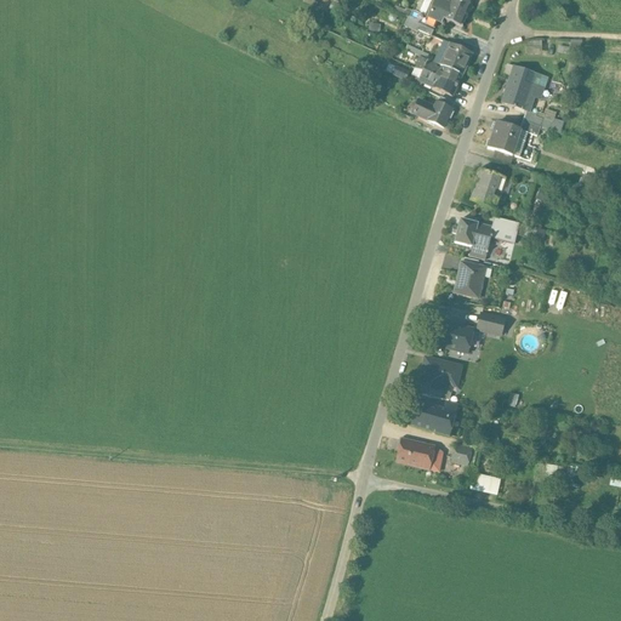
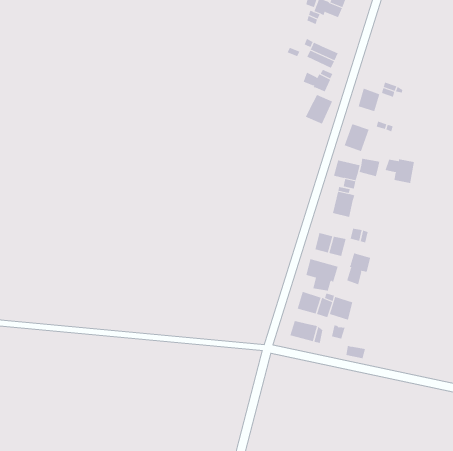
building: [441,41,473,73] -> none
building: [502,64,542,109] -> none
building: none -> [305,94,333,125]
building: none -> [385,158,414,184]
building: none -> [346,253,371,285]
building: none -> [329,296,353,321]

